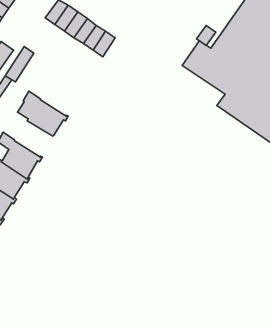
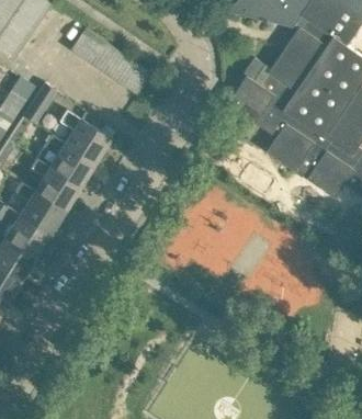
building: none -> [60,110,112,162]
building: none -> [31,158,82,210]

